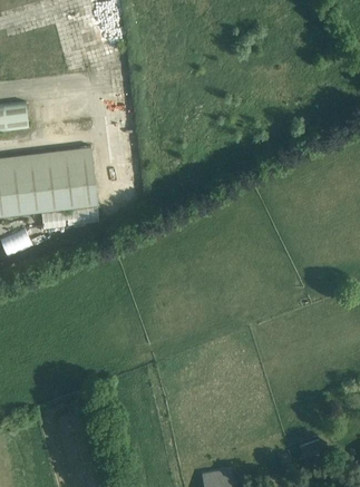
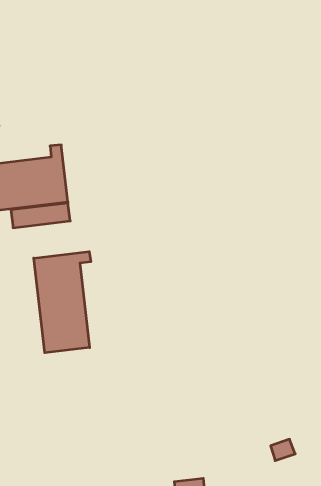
building: none -> [34,252,91,353]

